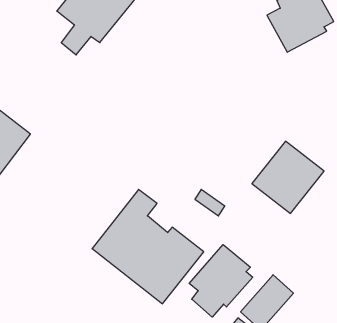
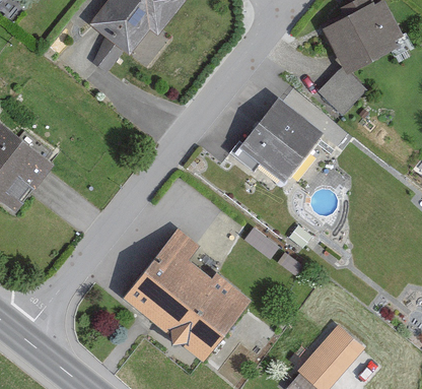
building: none -> [321,66,366,112]
building: [252,141,324,213] -> [241,99,325,182]
building: [189,245,253,317] -> none

